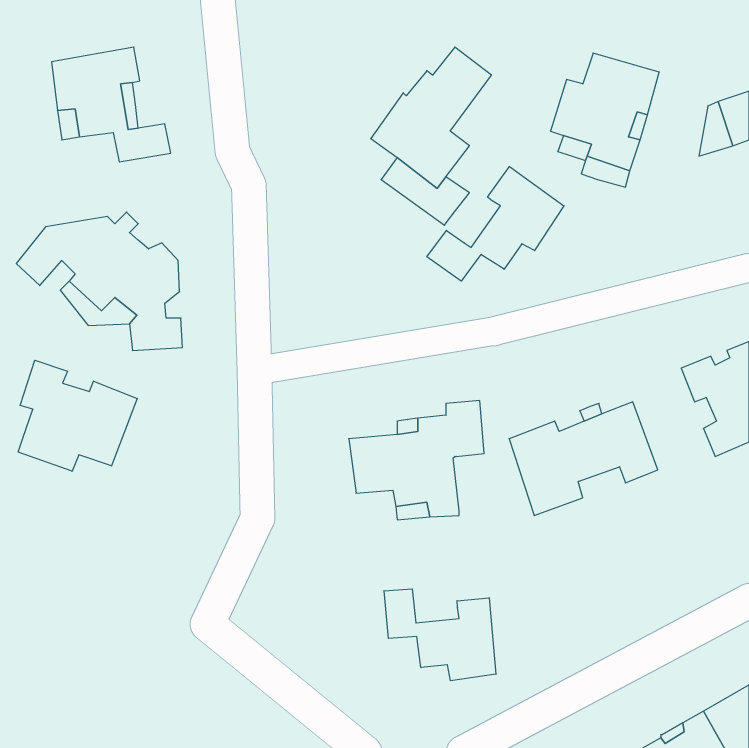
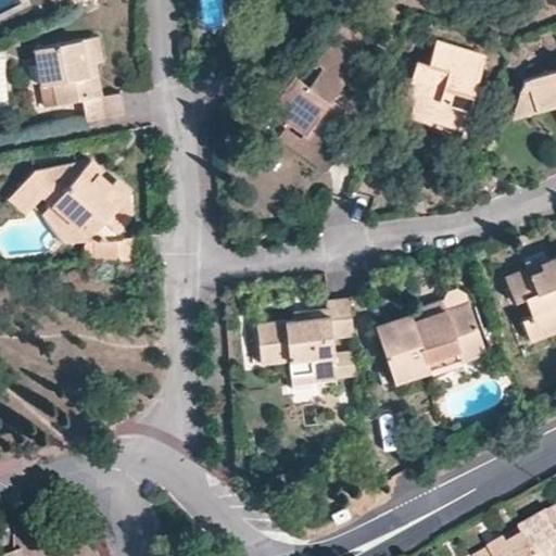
building: [427,167,564,281] -> none
building: [18,360,137,471] -> none
building: [384,589,496,681] -> none

